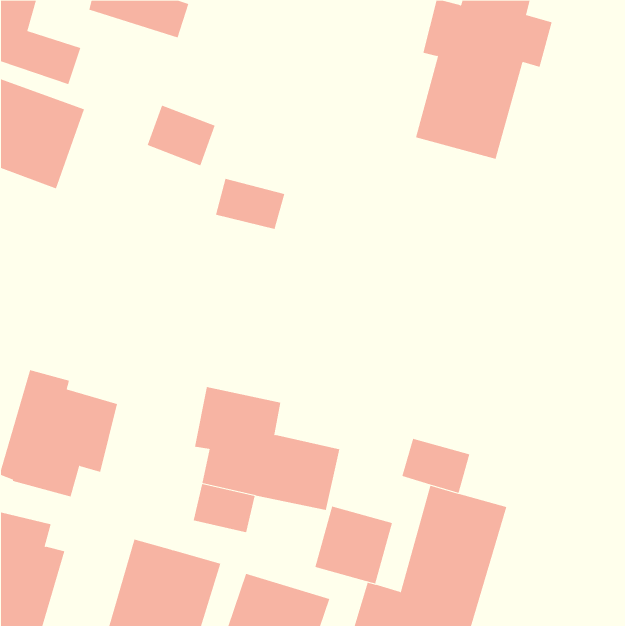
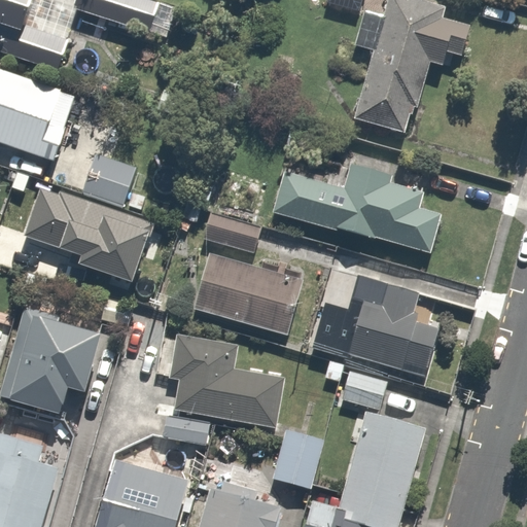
building: [147,105,215,166] -> [81,153,139,205]
building: [215,178,285,230] -> [199,213,257,256]
building: none -> [269,157,442,254]
building: none -> [25,191,156,287]
building: none -> [191,252,302,331]
building: none -> [316,266,438,376]

